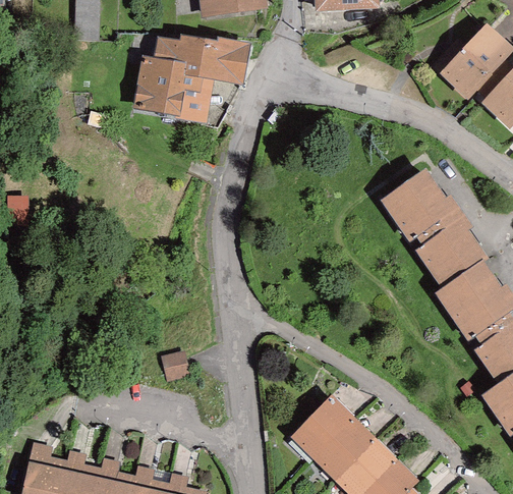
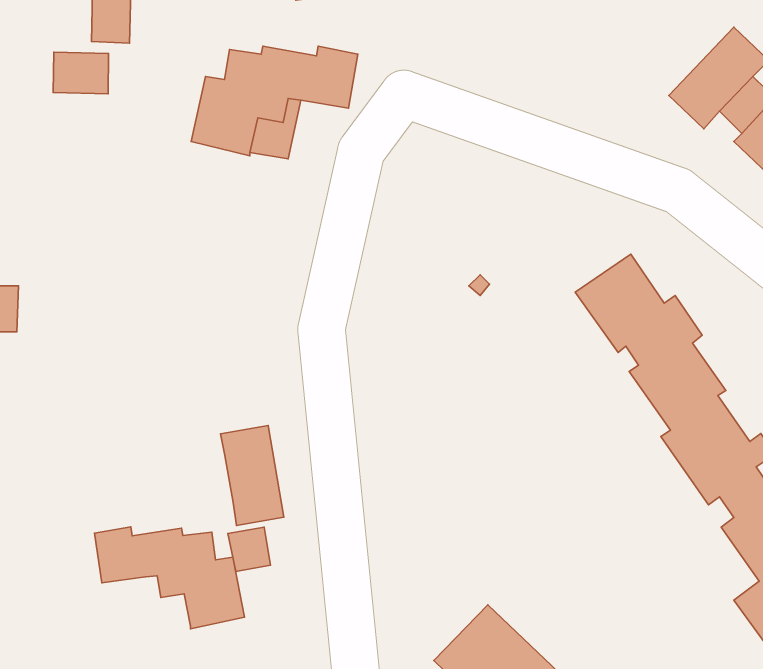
building: none -> [53,52,108,94]
building: none -> [221,425,284,525]
building: none -> [95,527,244,629]

